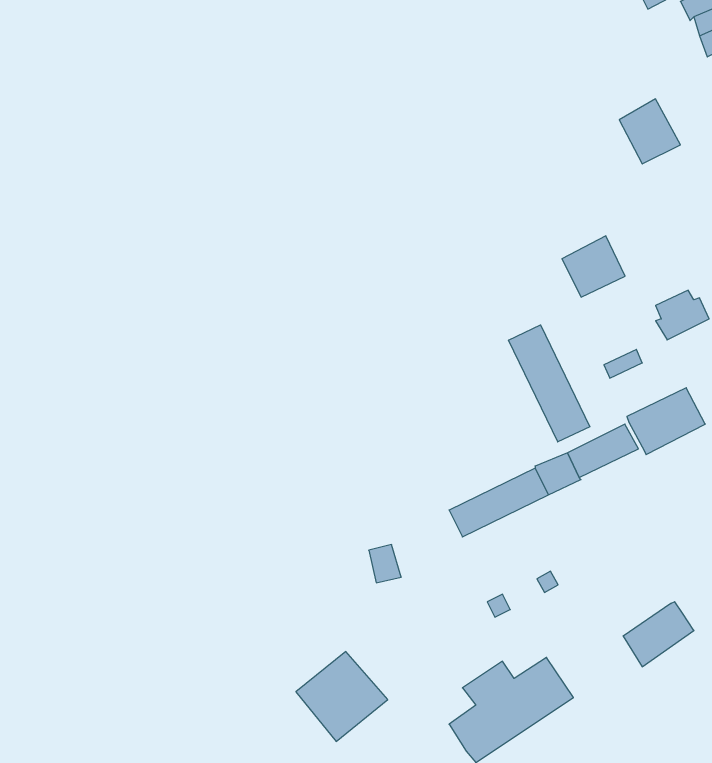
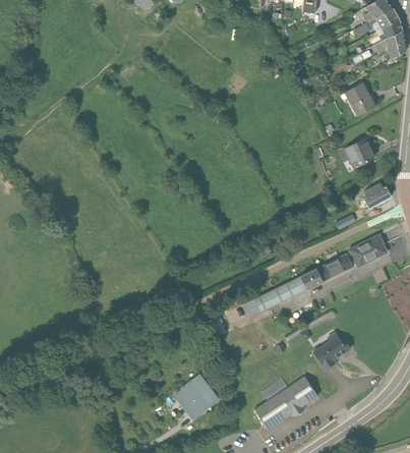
building: [562,236,625,297] -> [341,136,374,169]
building: [509,325,590,442] -> none
building: [623,602,694,667] -> [311,335,349,370]

